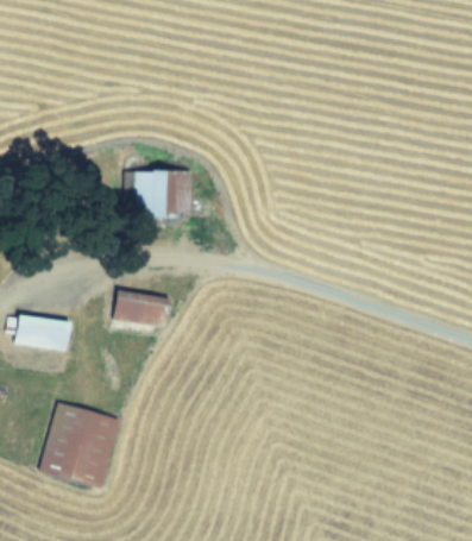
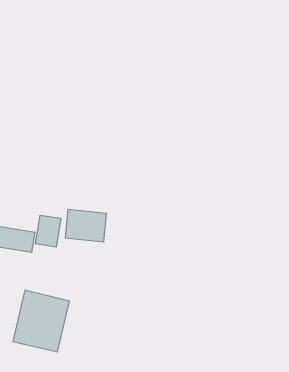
building: [133,170,190,219] -> none
building: none -> [35,215,61,247]

